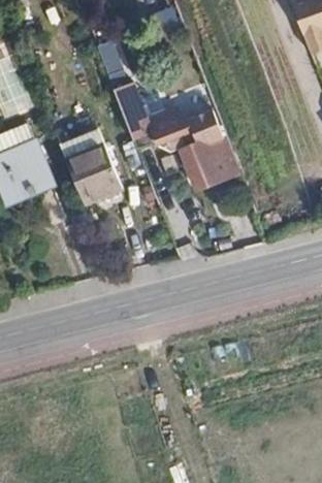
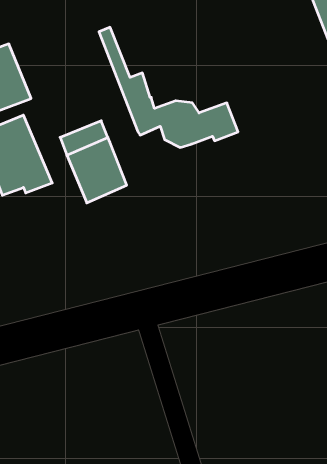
building: [182,138,239,190] -> none

